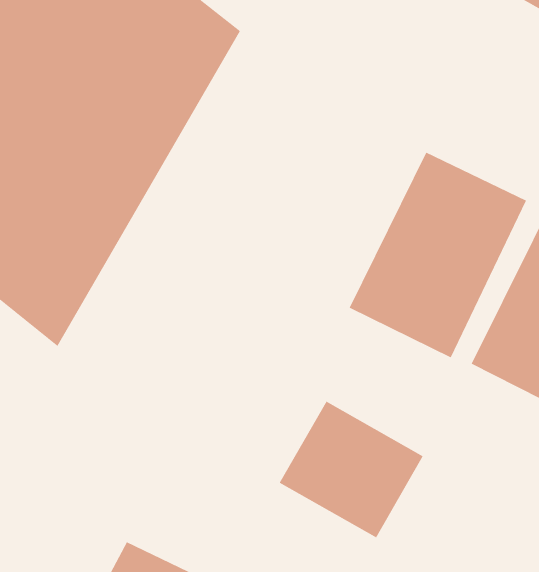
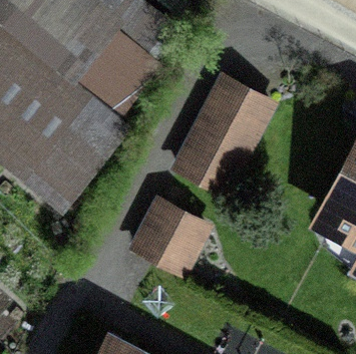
building: [349,152,527,358] -> [171,72,278,196]
building: [279,401,423,538] -> [126,196,213,278]

